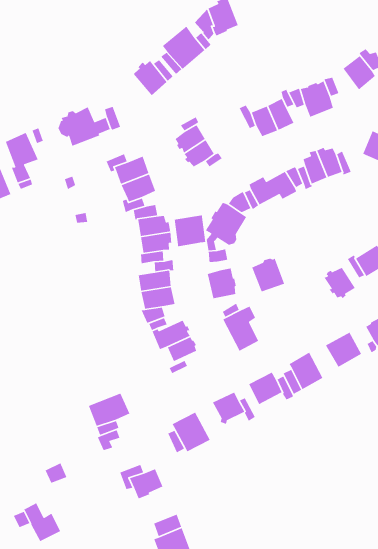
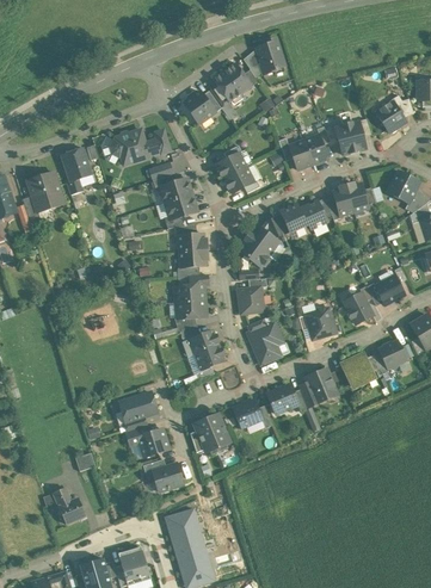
building: [174,214,206,247] -> none
building: [251,257,285,292] -> [306,308,335,339]
building: none -> [137,428,170,457]

